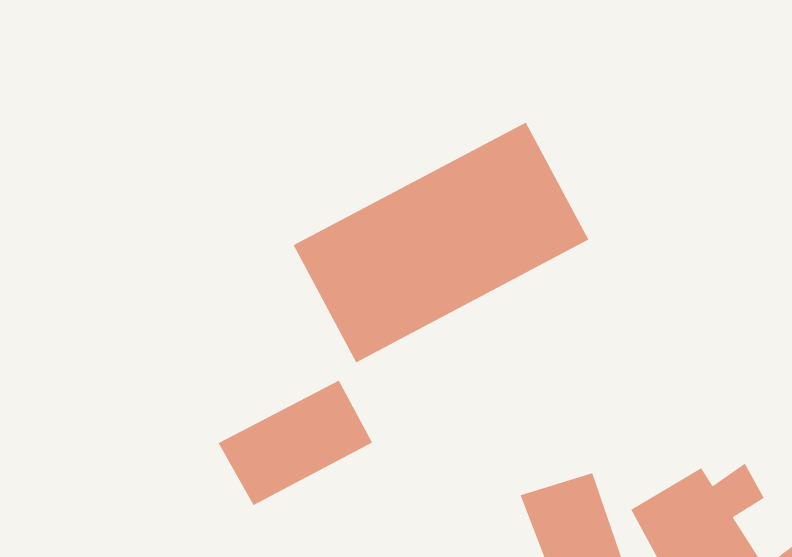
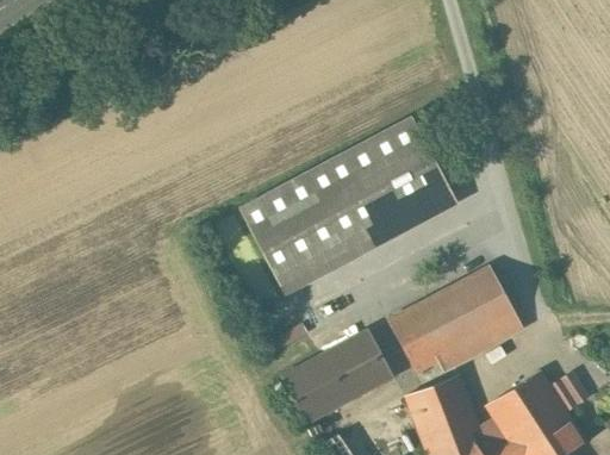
building: none -> [386,268,519,370]
building: [217,379,373,506] -> [278,330,392,423]

